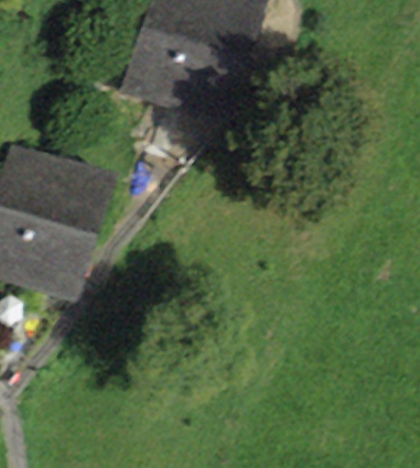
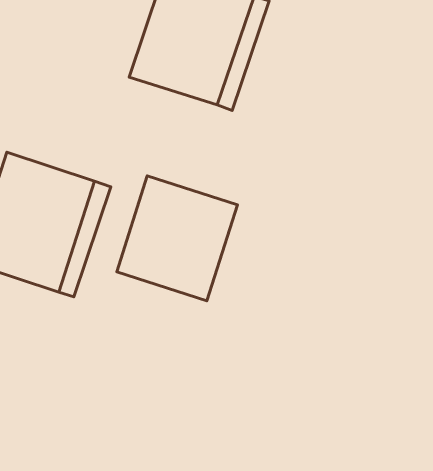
building: none -> [117,176,238,301]

